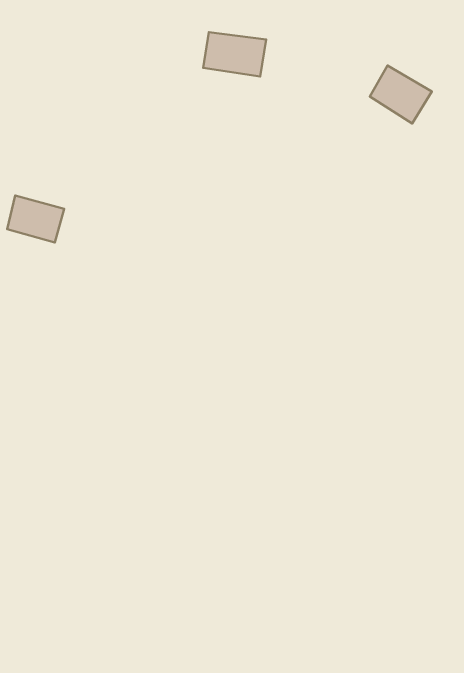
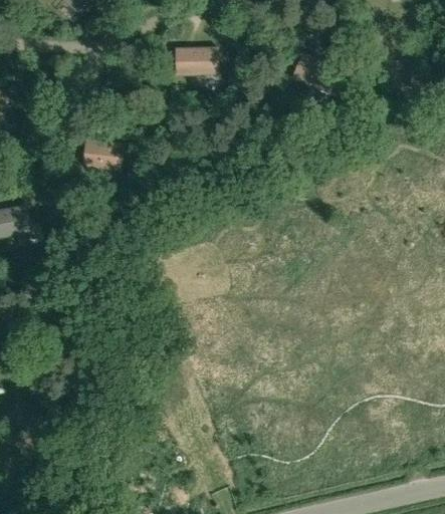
building: [7,196,64,242] -> [84,142,122,170]

